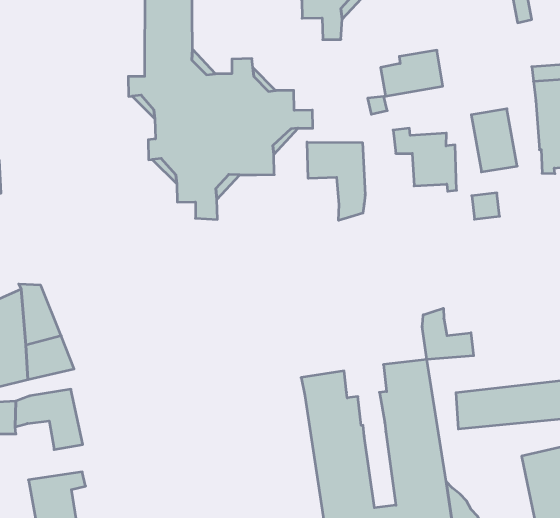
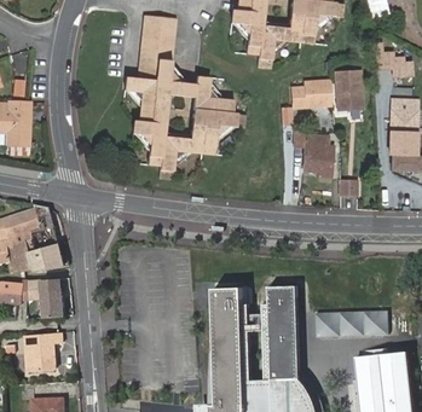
building: [471,109,517,172] -> [336,71,363,111]
building: [307,142,365,220] -> none
building: [422,308,474,360] -> none

